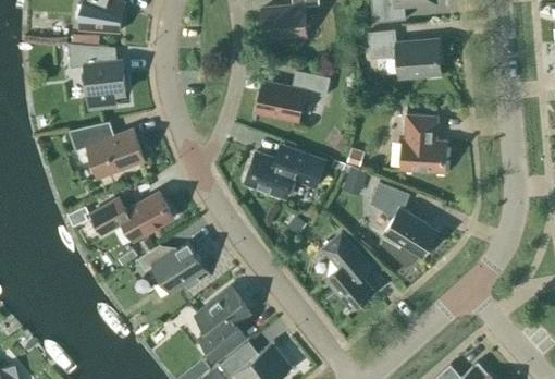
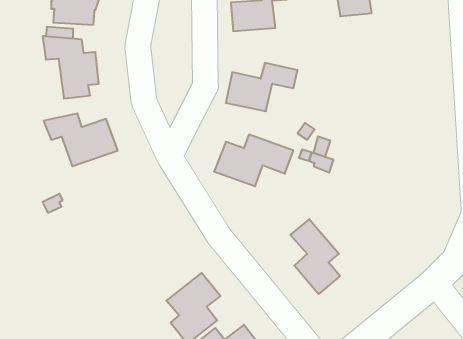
building: [368,29,441,76] -> none
building: [400,114,446,172] -> none
building: [370,183,435,255] -> none
building: [90,192,174,241] -> none
building: [138,242,206,293] -> none

